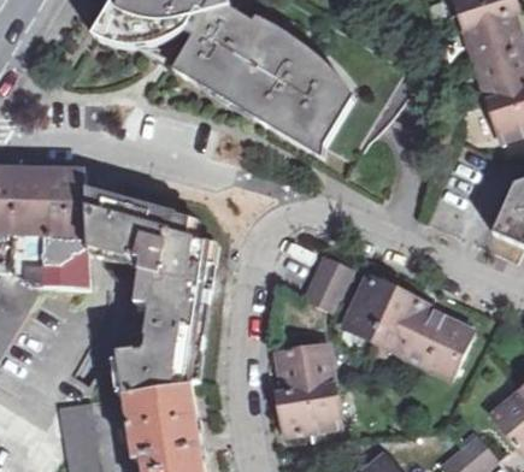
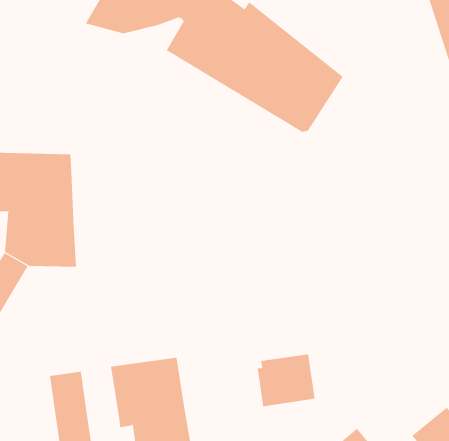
building: [82,190,211,393] -> none
building: [299,255,349,313] -> none
building: [340,276,469,377] -> none
building: [273,346,329,387] -> none

